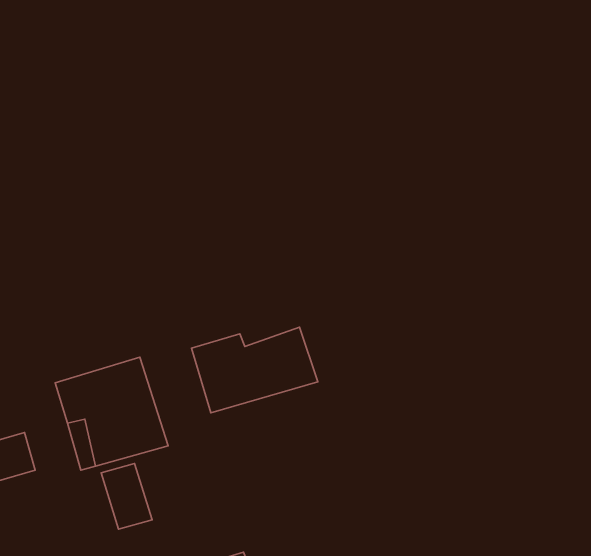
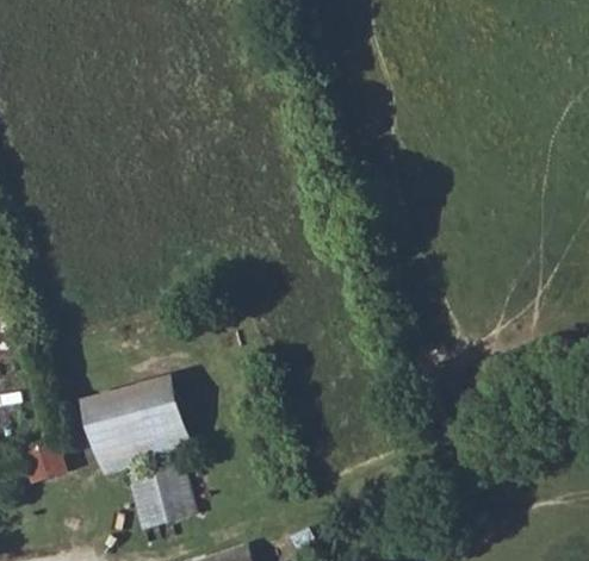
building: [191,327,318,413] -> none
building: none -> [156,462,198,519]

